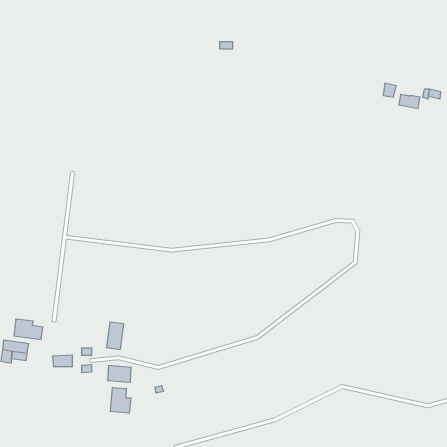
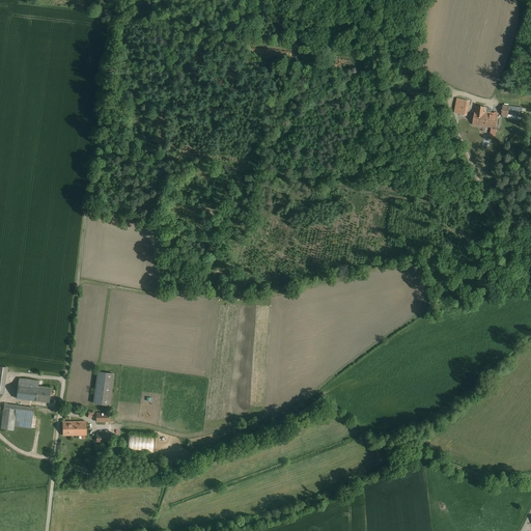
building: [106,322,124,349] -> [93,372,114,404]
building: [111,387,131,413] -> none

